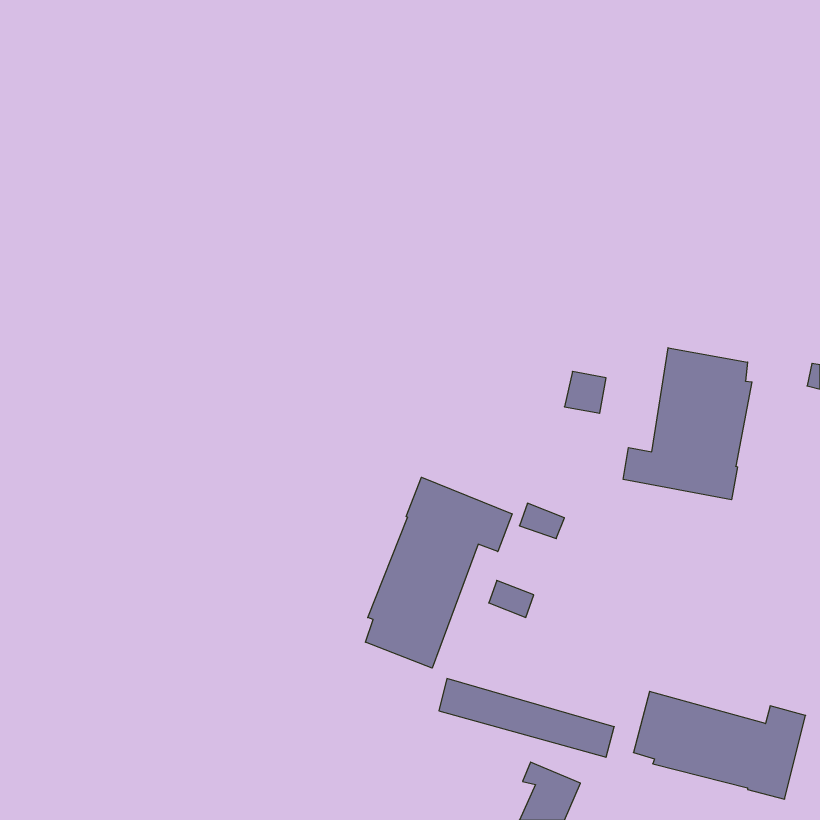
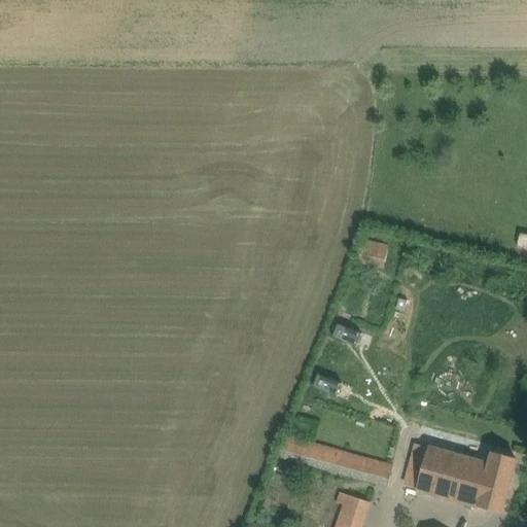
building: [623,348,752,500] -> none
building: [365,477,512,668] -> none

